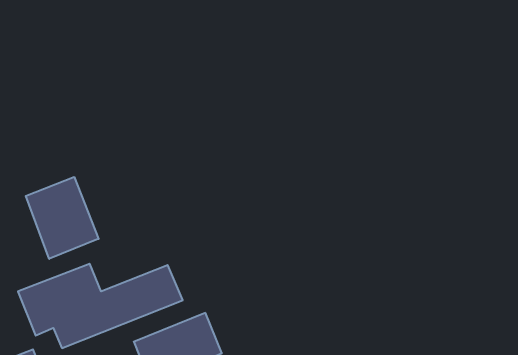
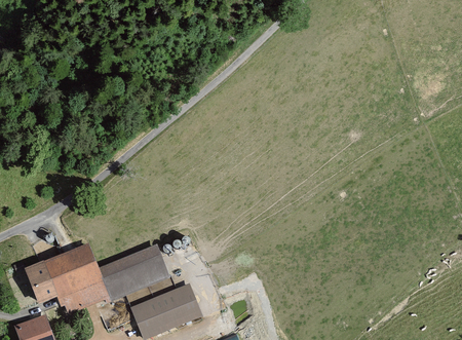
building: [26,177,99,259] -> none

